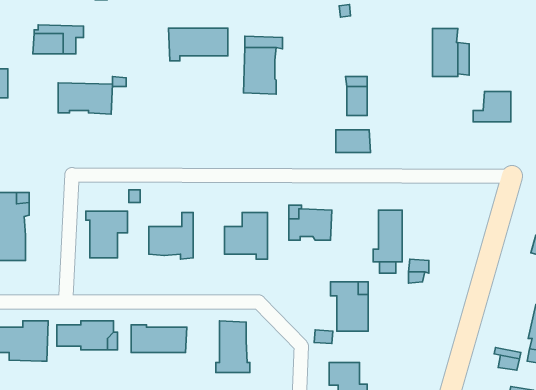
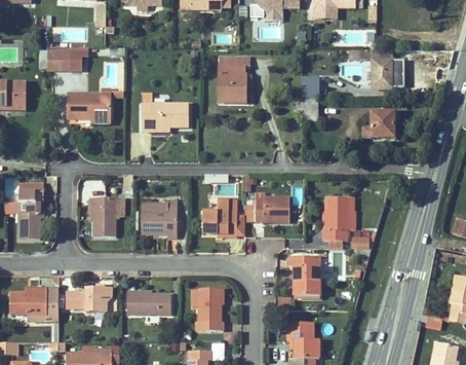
building: [169,28,228,61] -> [141,104,189,131]
building: [473,92,511,122] -> [362,112,393,137]
building: [336,130,371,152] -> none

